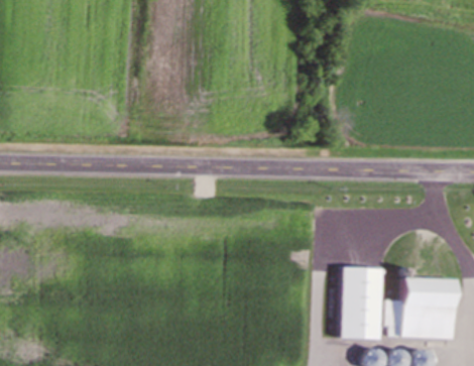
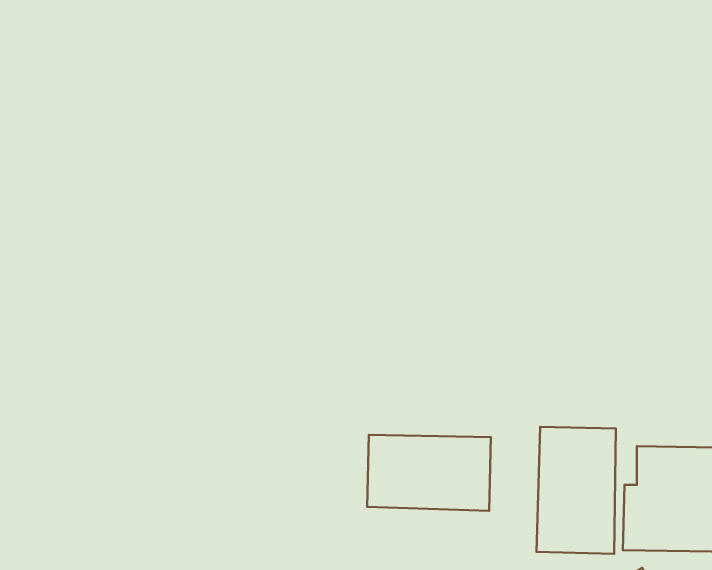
building: none -> [367,435,491,511]

